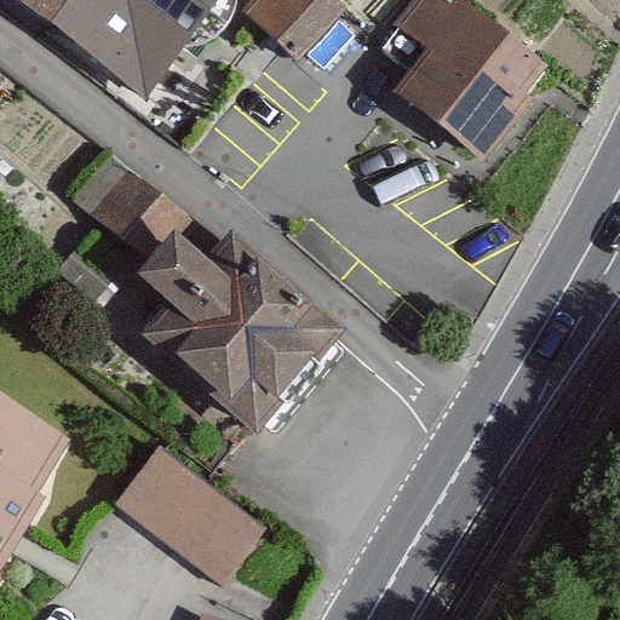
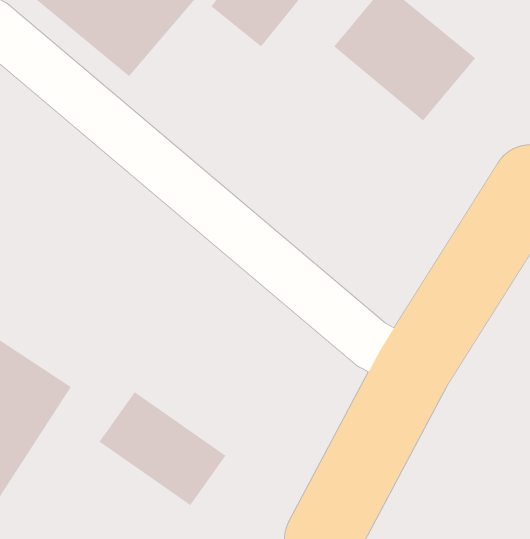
building: [63,155,172,259] -> none
building: [124,241,325,437] -> none

